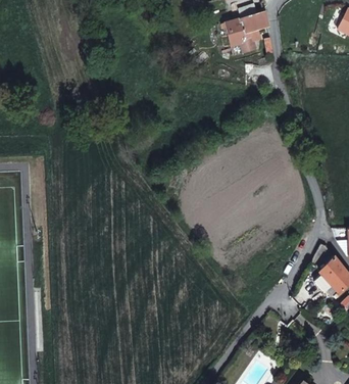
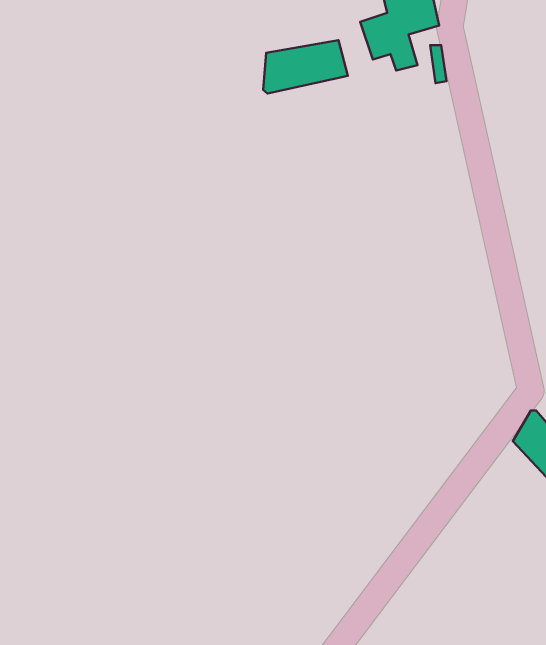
building: none -> [263,40,348,93]

